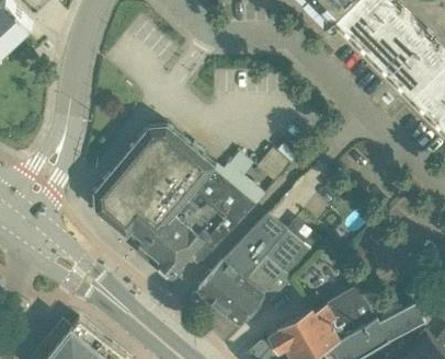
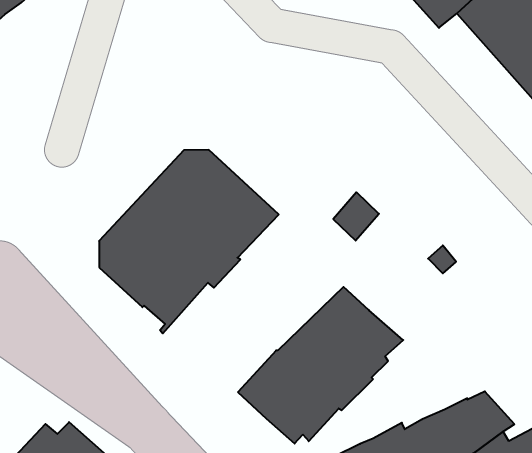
building: [141,152,263,277] -> none

